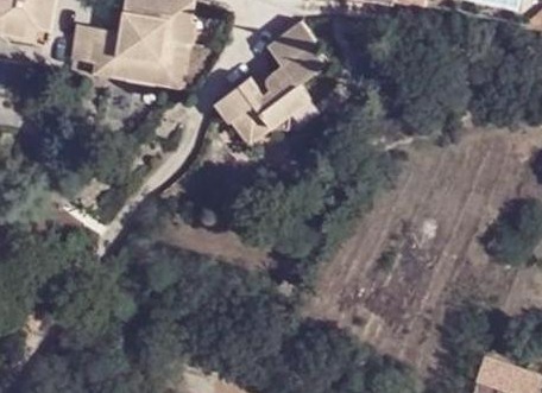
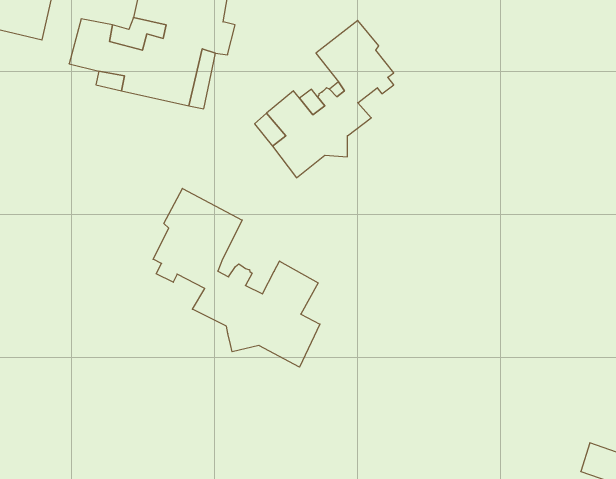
building: none -> [153,188,320,367]

